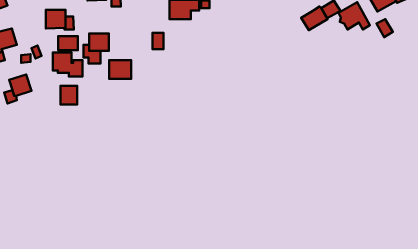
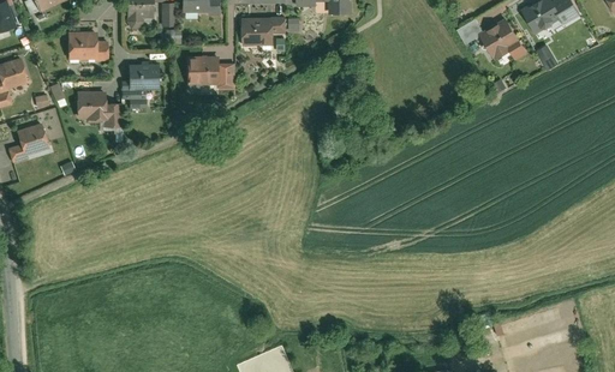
building: [301,7,327,30] -> none
building: [58,36,78,50] -> none
building: [109,60,131,79] -> [187,56,219,83]
building: [61,86,77,105] -> none

